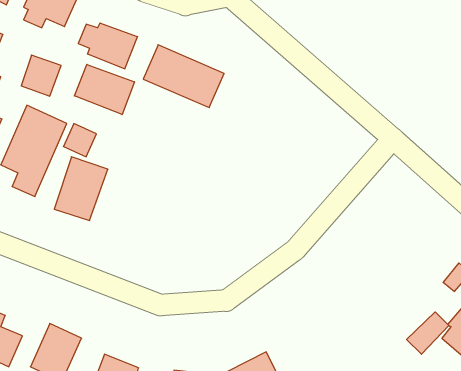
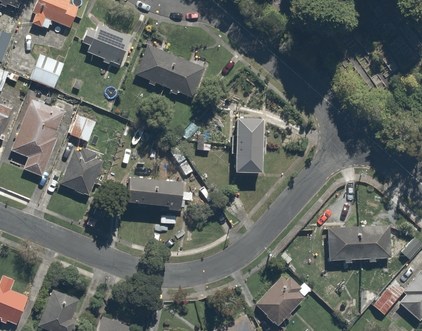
building: [74,64,134,115] -> none
building: none -> [234,115,264,173]
building: none -> [128,179,186,208]
building: none -> [327,225,392,261]
building: none -> [255,275,313,325]

